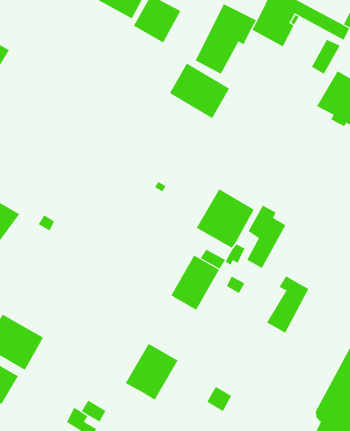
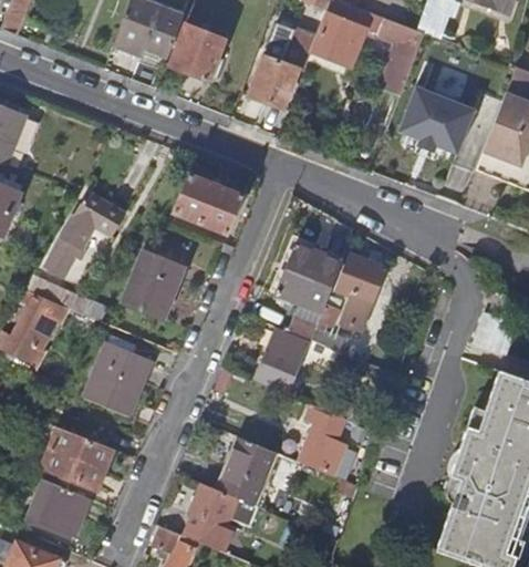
building: [169,63,230,119] -> [172,173,242,235]
building: none -> [44,198,120,275]
building: none -> [124,249,187,319]
building: none -> [84,343,151,416]
building: [266,275,309,334] -> [299,404,344,473]
building: none -> [188,481,237,534]

